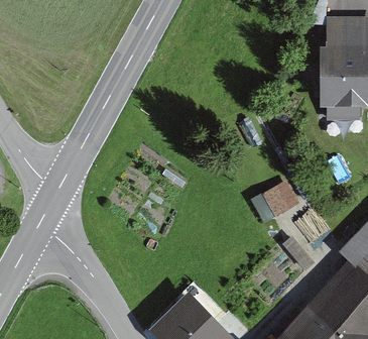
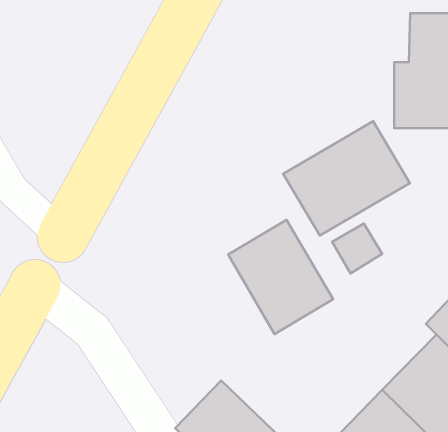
building: none -> [283,121,410,235]
building: none -> [228,220,333,334]

